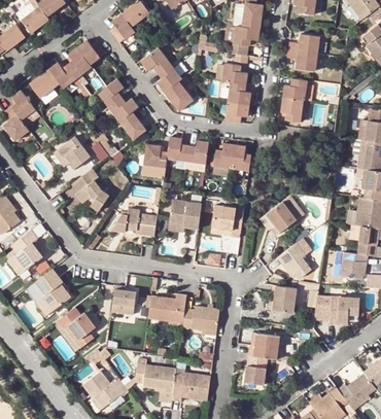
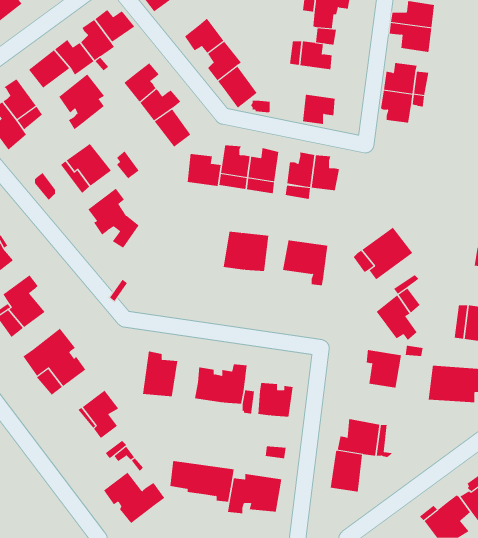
building: [227,81,250,104] -> none
building: none -> [59,74,105,130]
building: [108,207,157,235] -> none

